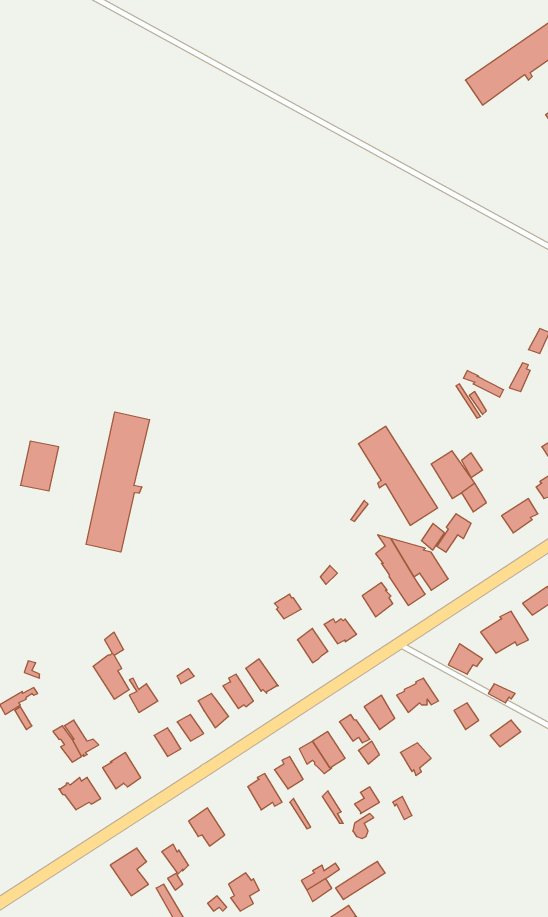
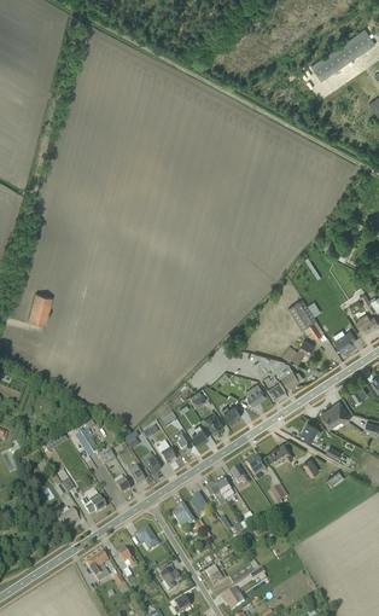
building: [86,412,150,552] -> none
building: [358,426,438,525] -> none

